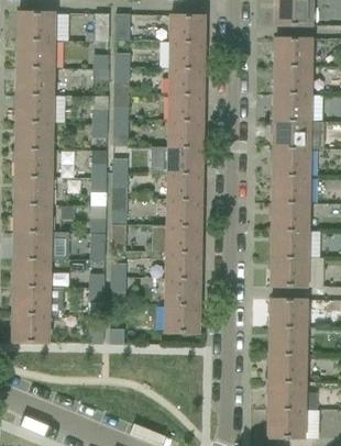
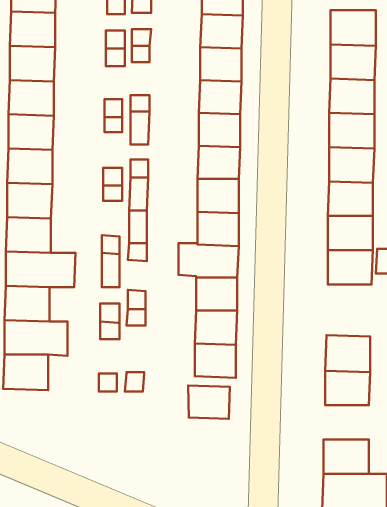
building: [272,258,308,287] -> none
building: none -> [188,386,230,419]
building: [270,355,306,382] -> none

